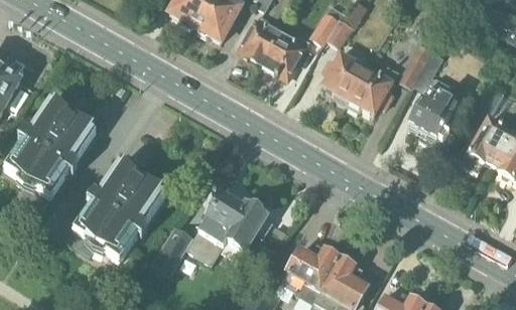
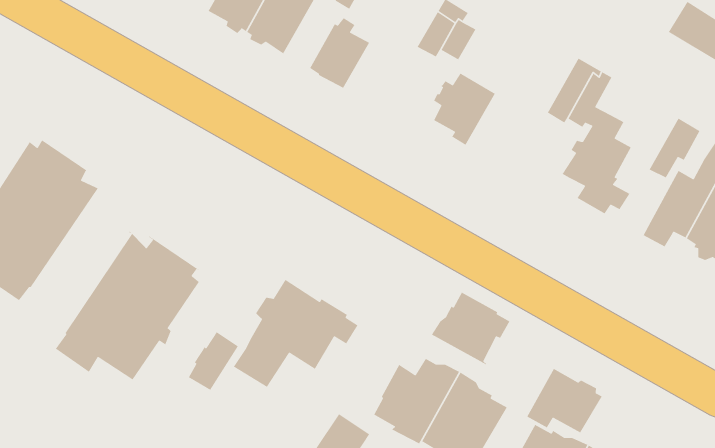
building: [262,31,309,76] -> none
building: [345,62,398,113] -> none
building: none -> [431,292,511,365]
building: none -> [526,368,603,433]

